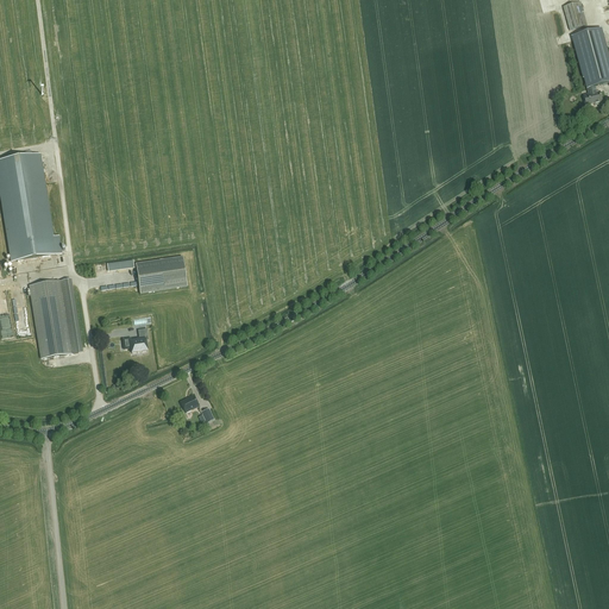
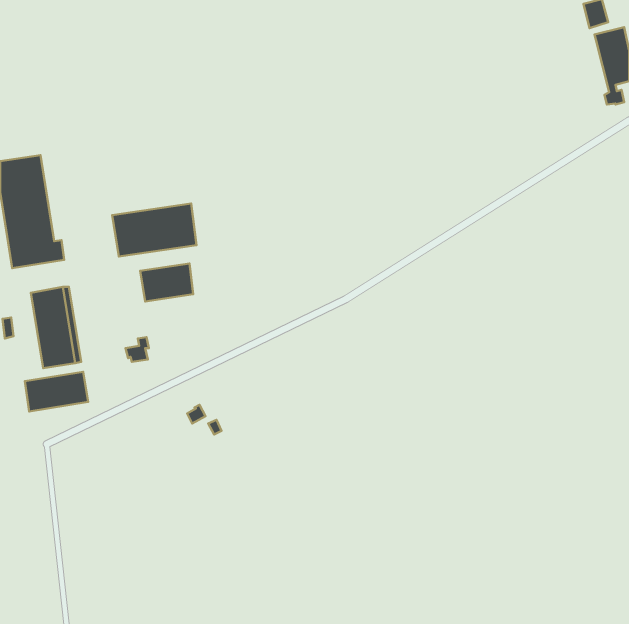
building: none -> [112,203,196,257]
building: none -> [25,372,88,412]

